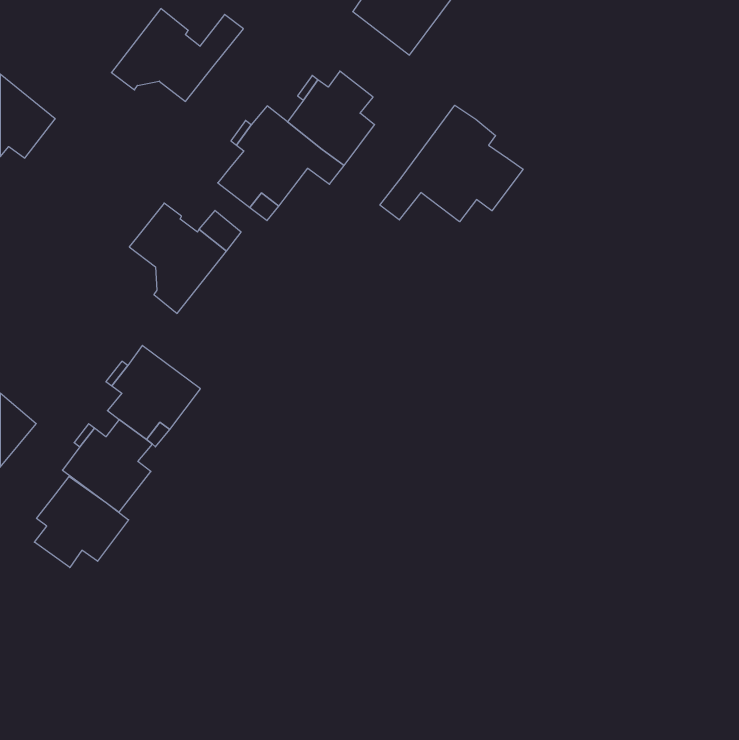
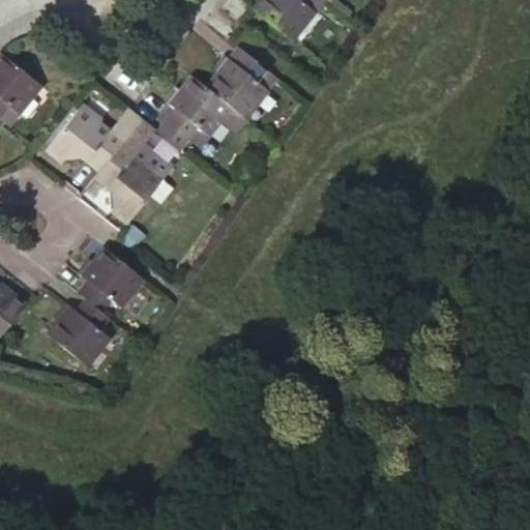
building: [111,9,243,101] -> [47,104,141,170]
building: [380,105,523,222] -> none
building: [34,476,129,568] -> none

